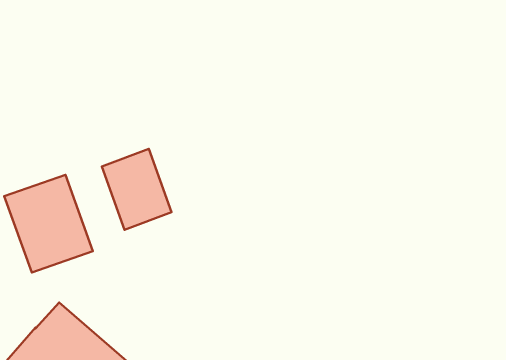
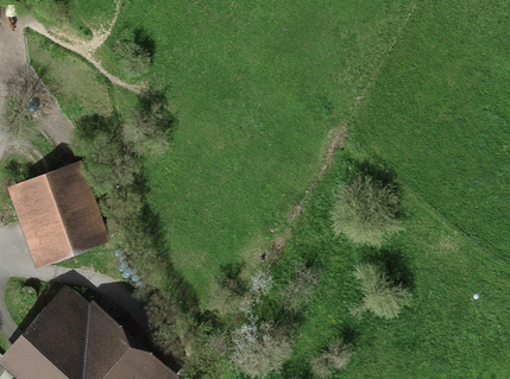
building: [102,149,172,230] -> none

